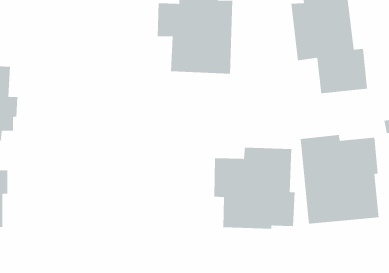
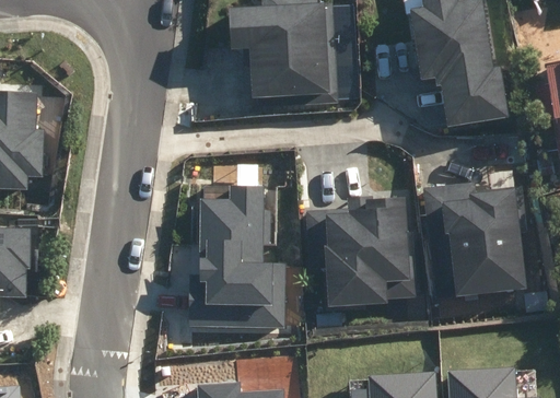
building: none -> [179,172,287,327]

